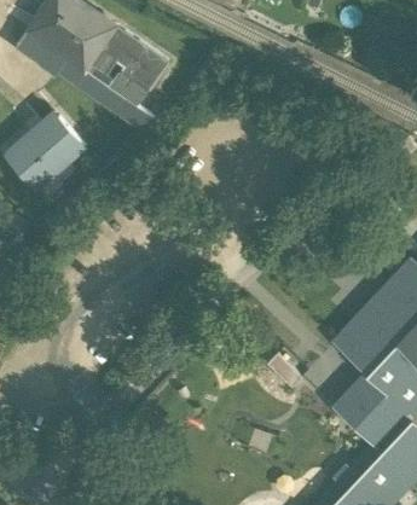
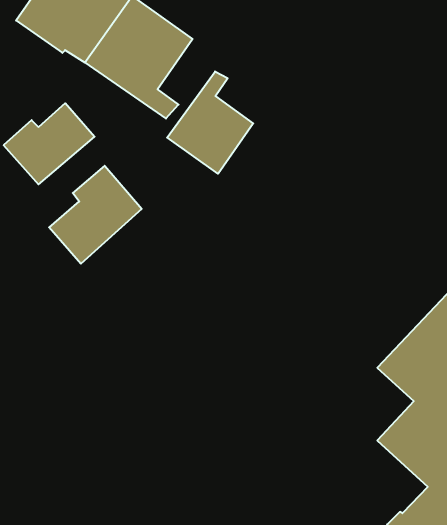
building: none -> [167,71,253,174]
building: none -> [49,166,142,264]

